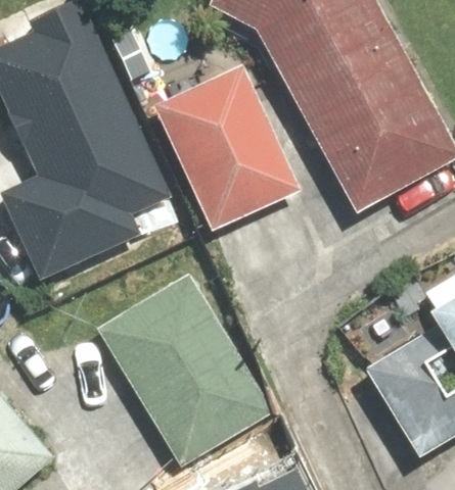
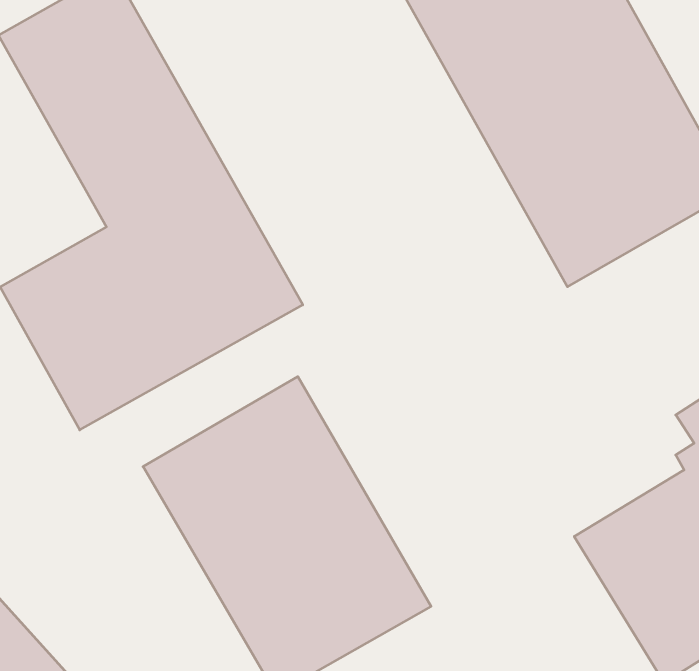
building: [154,65,299,230] -> none

